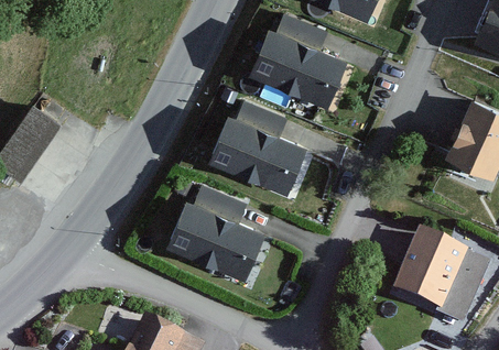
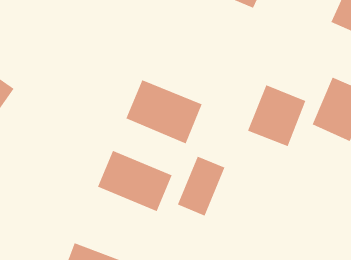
building: [243,20,345,100] -> none
building: none -> [177,156,225,216]
building: [391,237,467,317] -> [247,85,306,147]

